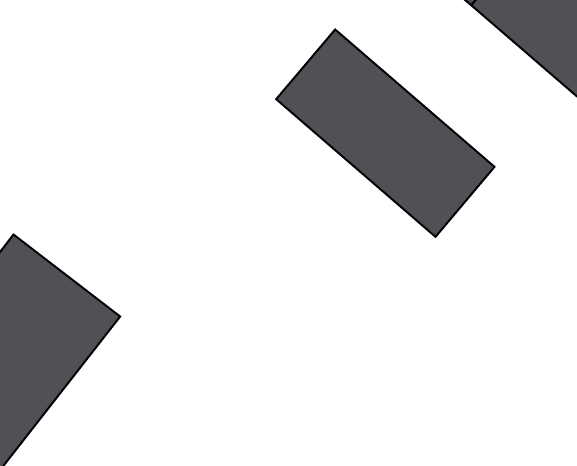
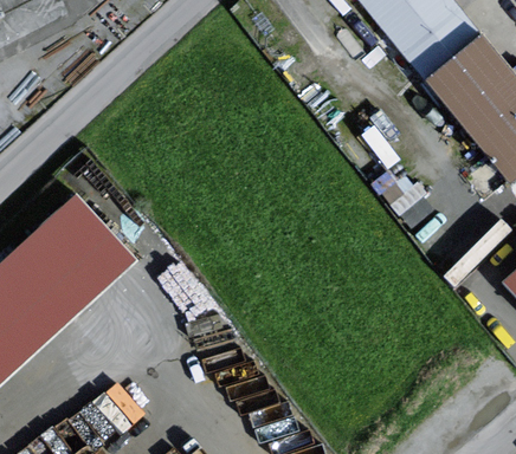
building: [276,30,494,237] -> none

